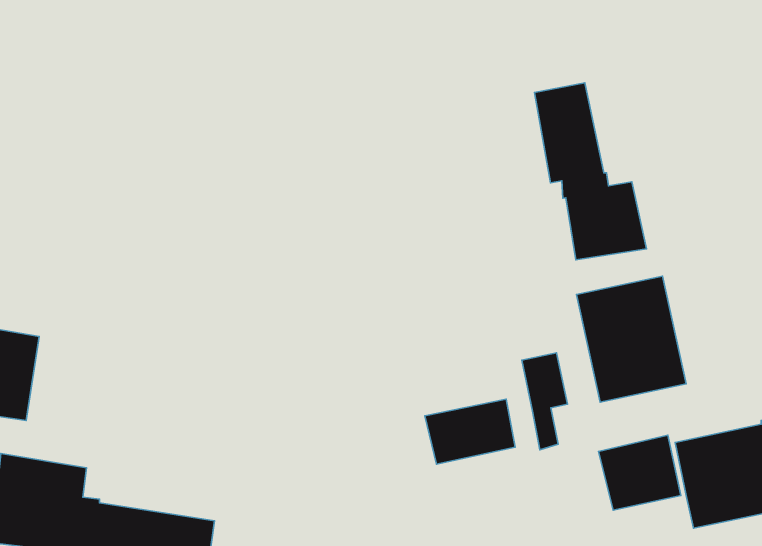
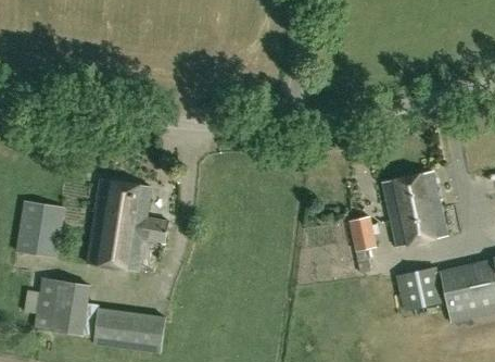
building: [535,83,647,260] -> none
building: none -> [86,178,168,270]
building: [425,399,515,464] -> none

